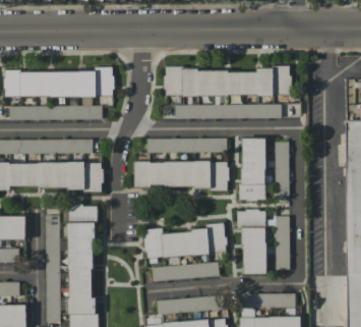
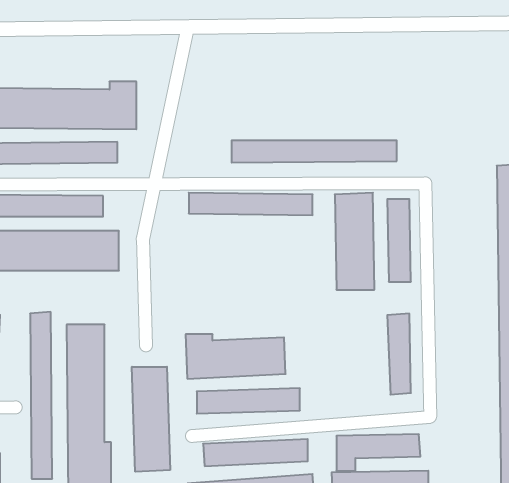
building: [164,66,290,96] -> none
building: [134,161,228,187] -> none
building: [68,205,97,221] -> none
building: [236,210,265,273] -> none
building: [208,223,225,252] -> none
building: none -> [132,367,170,472]

